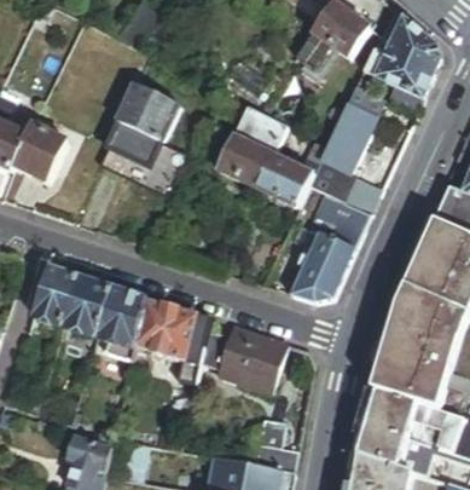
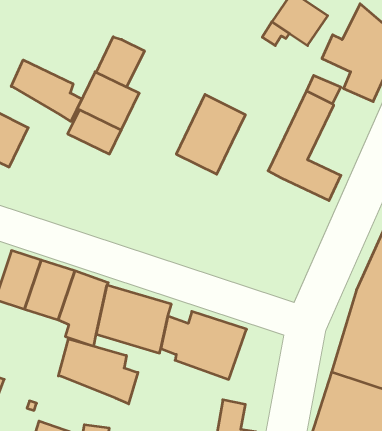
building: none -> [96,37,144,87]
building: none -> [11,60,82,121]
building: [256,154,313,206] -> none
building: [290,190,370,300] -> none
building: none -> [58,339,138,404]

